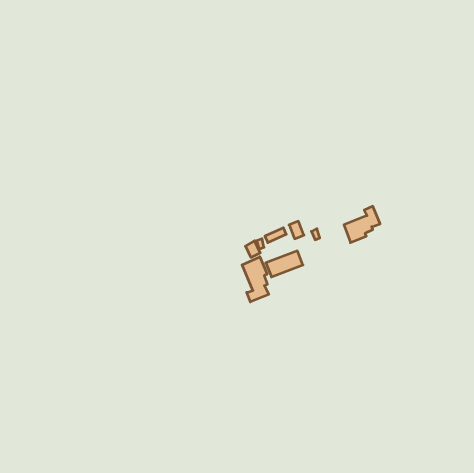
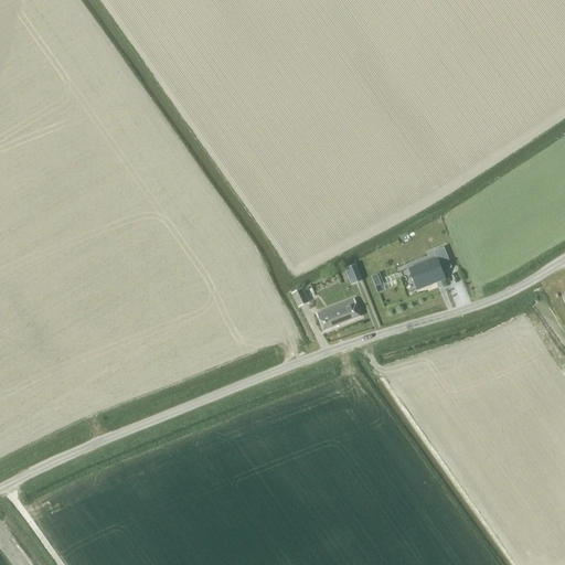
building: [242,257,269,302] -> none

